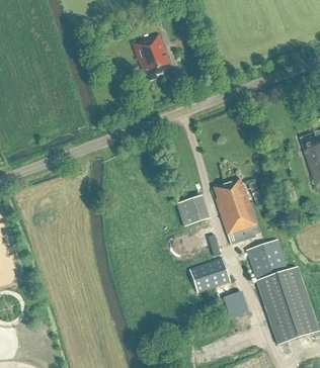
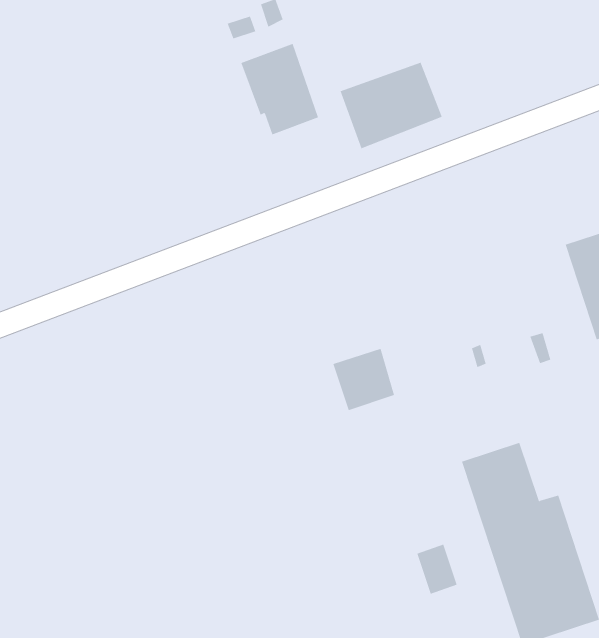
building: none -> [340,62,443,149]
building: [213,177,259,244] -> none
building: [188,257,230,292] -> none

